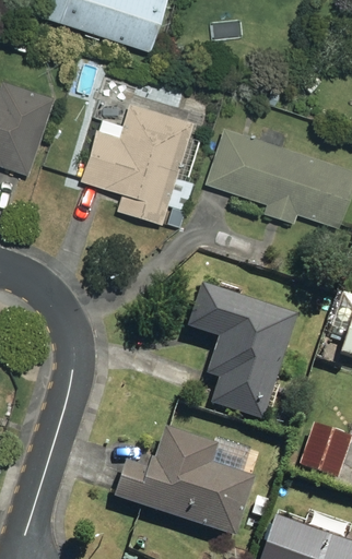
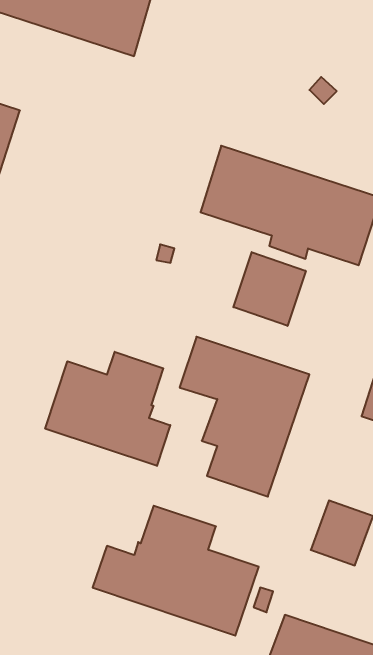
building: [82,98,195,219] -> none
building: none -> [233,252,306,326]
building: none -> [45,352,170,466]

